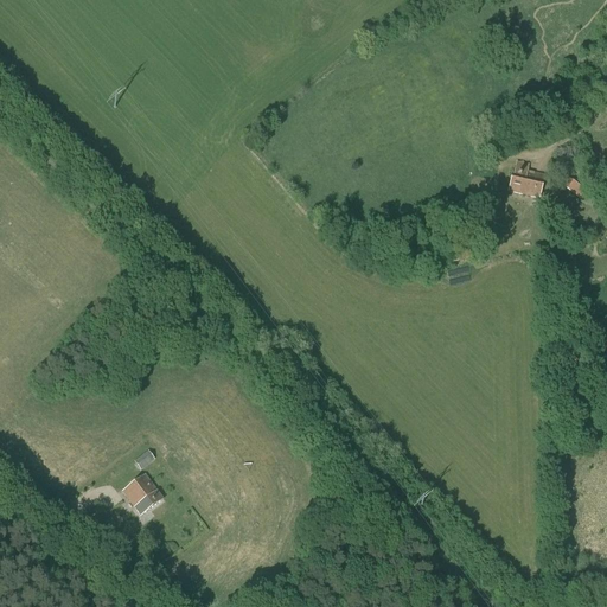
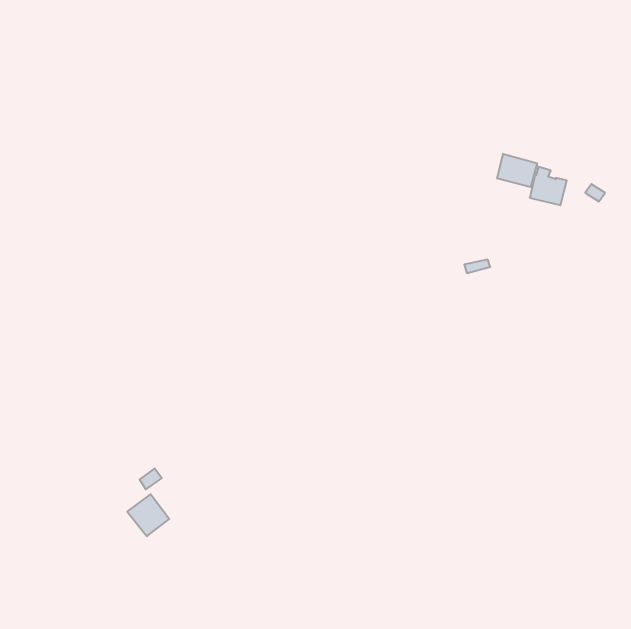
building: none -> [497,154,537,187]

